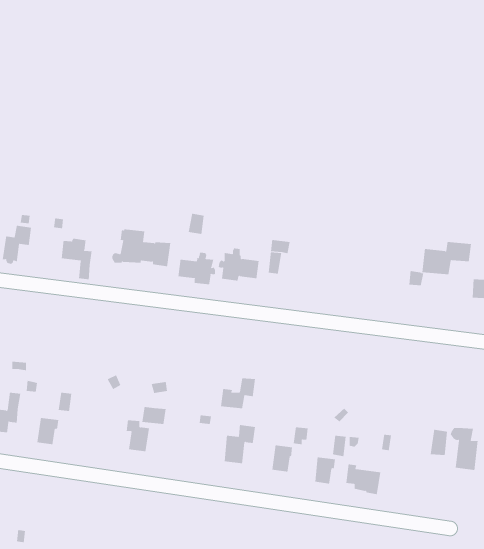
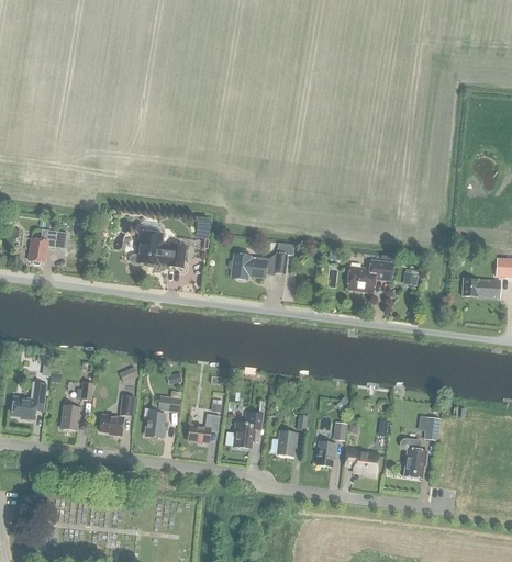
building: [61,238,92,280] -> none
building: [422,241,472,275] -> [347,259,393,290]
building: [178,252,216,285] -> none
building: [220,378,256,409] -> [187,414,220,442]
building: none -> [99,395,134,434]
building: [450,427,479,470] -> [399,438,425,477]

